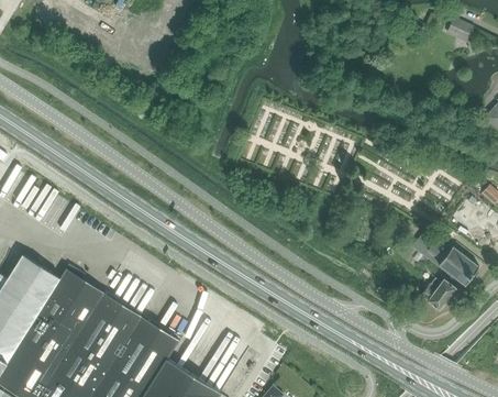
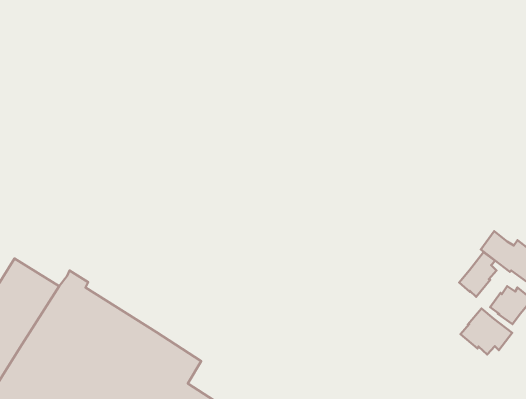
building: none -> [459,252,497,297]
building: none -> [461,308,512,354]

